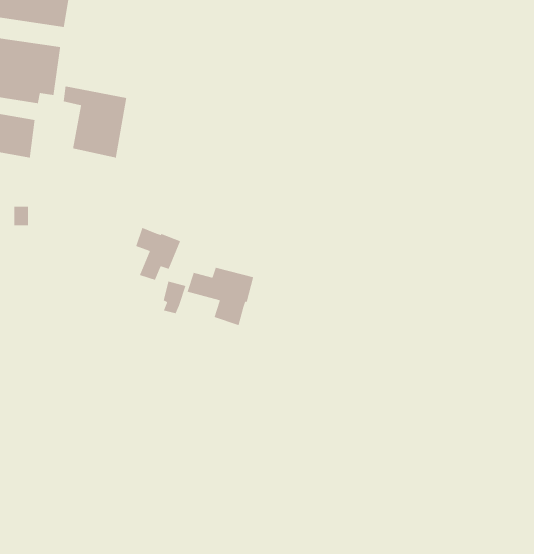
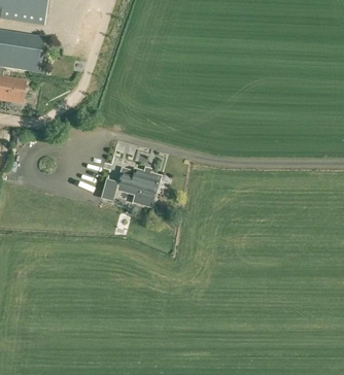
building: [63,86,127,158] -> none
building: [135,227,181,281] -> none

